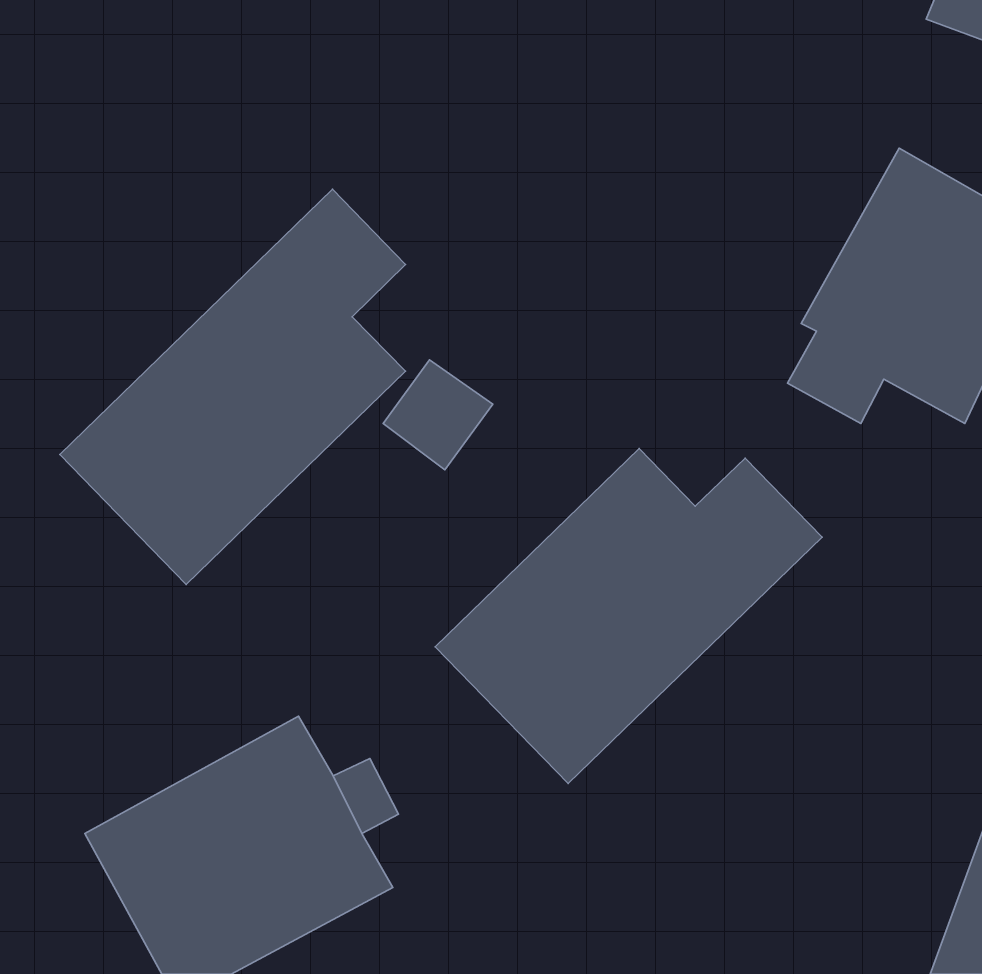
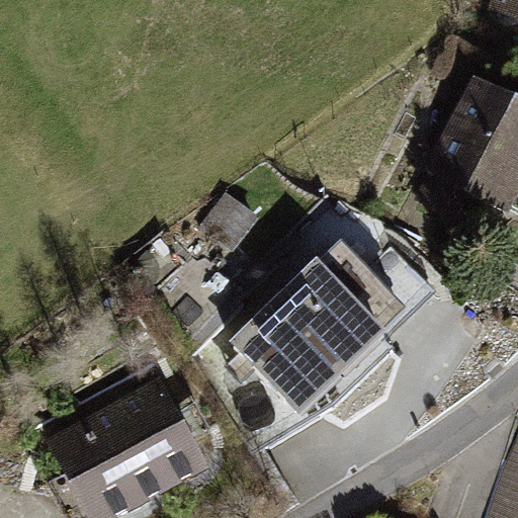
building: [60,189,405,584] -> none

